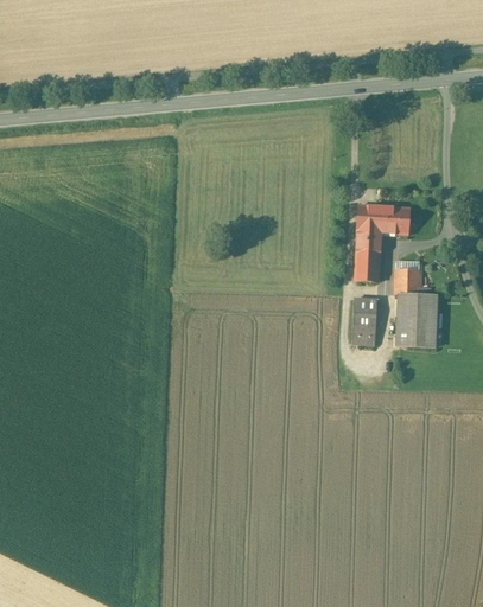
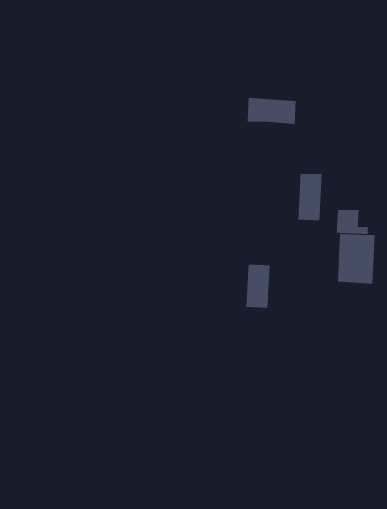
building: [357,205,409,234] -> [247,97,297,124]
building: [351,299,377,345] -> [245,264,270,308]

